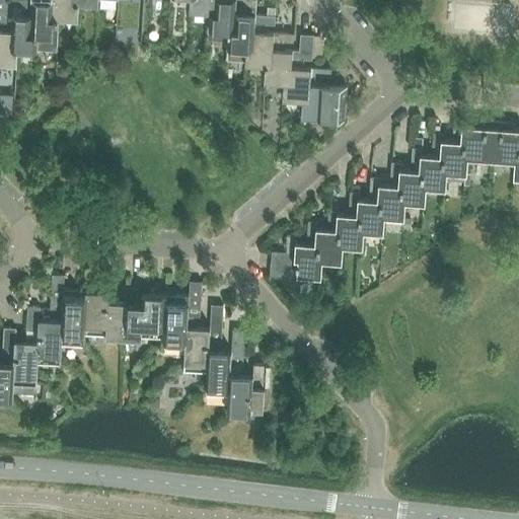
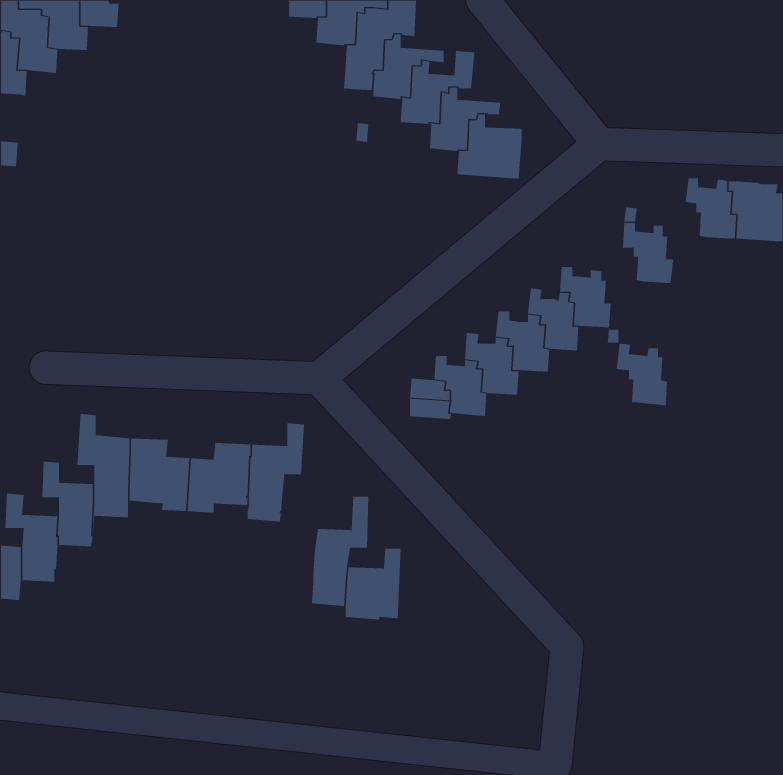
building: [432,137,467,178] -> none
building: [390,166,425,208] -> [616,343,668,406]
building: [184,320,223,384] -> none

